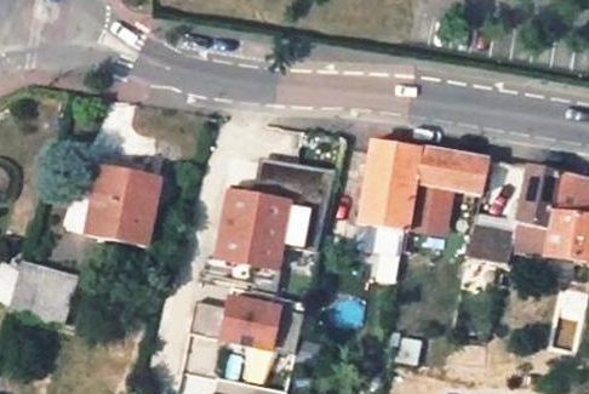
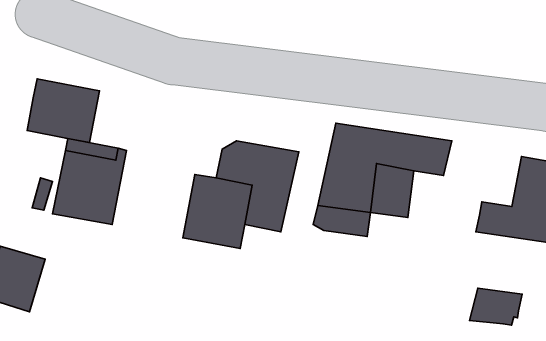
building: none -> [27,79,99,142]
building: [519,167,559,225] -> none
building: [463,228,516,265] -> [470,288,522,325]
building: [187,297,301,356] -> none

